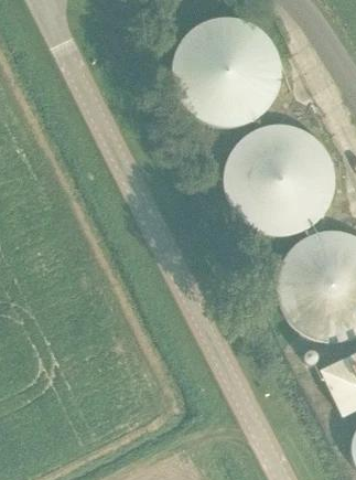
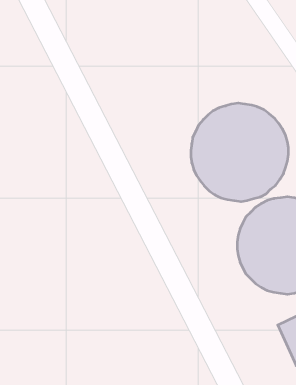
building: [172,17,282,127] -> none

